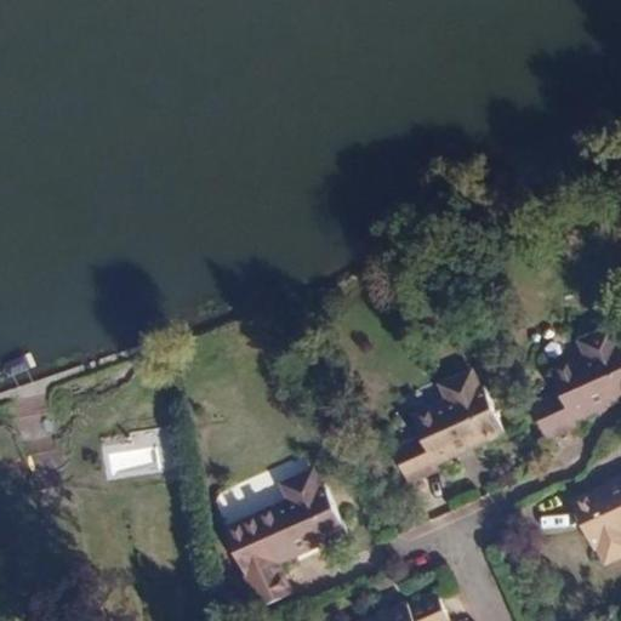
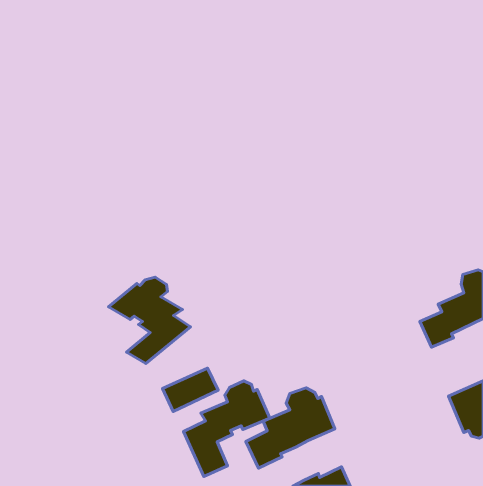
building: none -> [109,277,191,364]
building: [393,381,506,483] -> [246,388,335,468]

